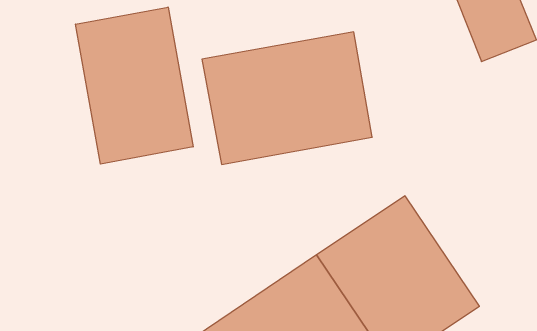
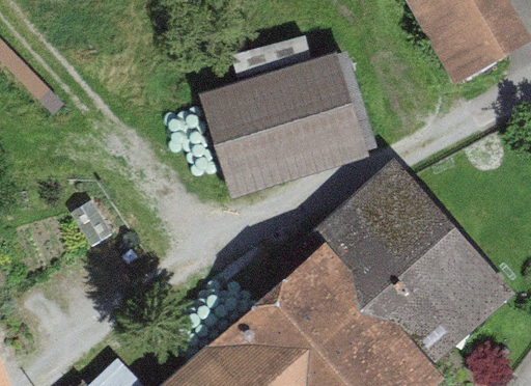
building: [76,7,193,164] -> none

